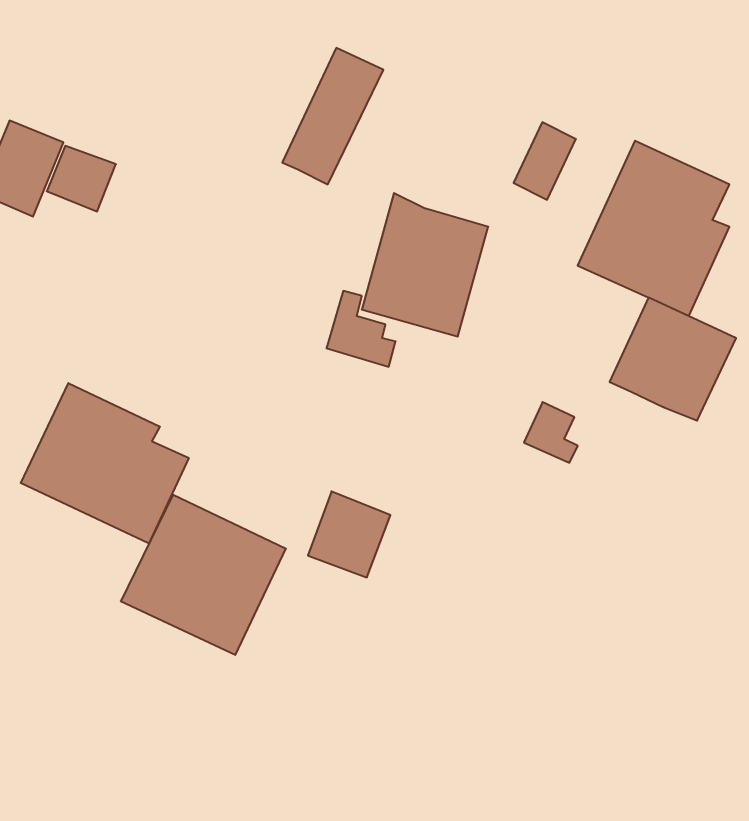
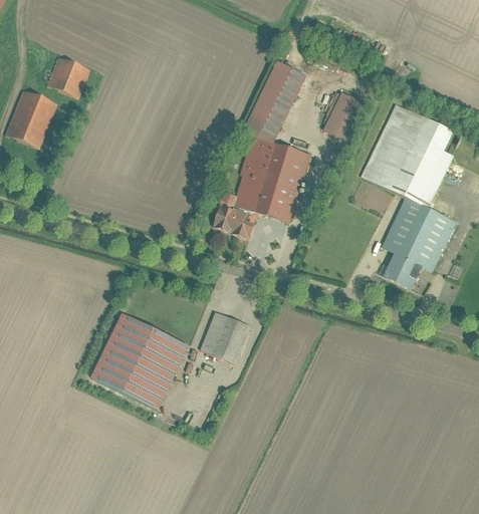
building: [282,48,383,184] -> [244,61,304,143]
building: [47,146,116,211] -> [47,57,88,96]
building: [21,383,189,544] -> none
building: [524,402,578,463] -> [384,252,416,288]

